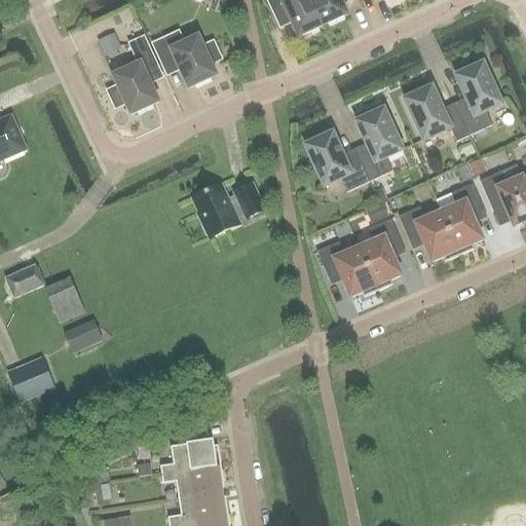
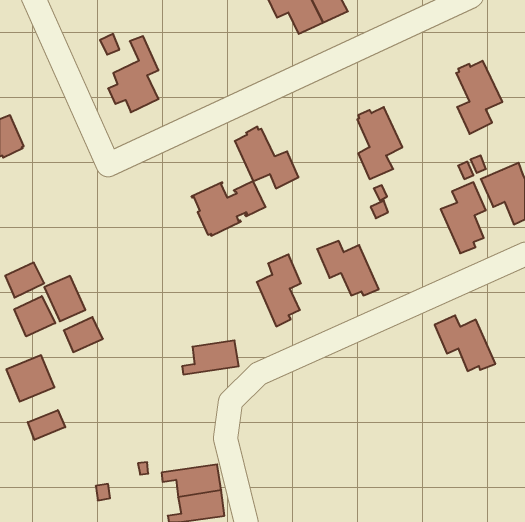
building: [154,31,220,85] -> none
building: [405,83,468,139] -> none
building: [305,128,369,190] -> [235,127,299,188]
building: [399,204,459,260] -> [435,315,495,371]
building: [359,217,403,289] -> [257,254,301,326]
building: none -> [14,296,55,336]
building: none -> [28,410,65,440]
building: [160,438,217,472] -> [182,340,239,374]

